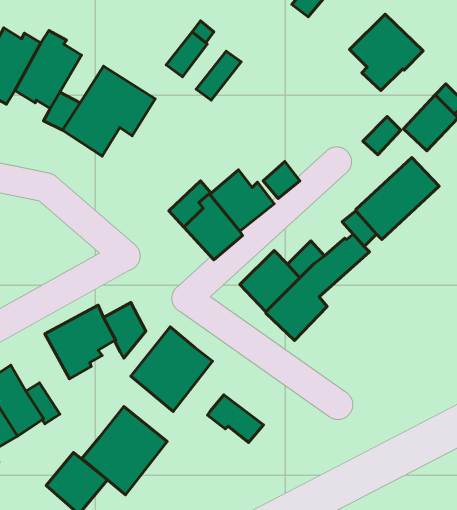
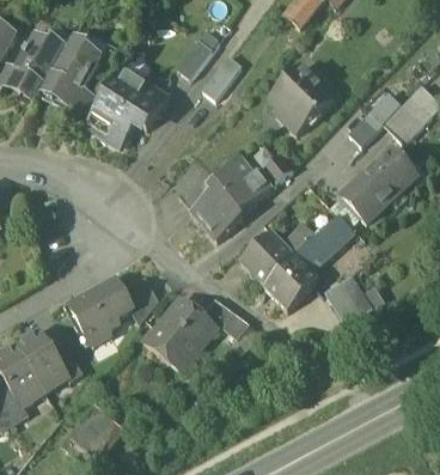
building: [350,14,423,91] -> [269,66,334,133]
building: none -> [324,274,385,323]
building: [208,395,263,443] -> [201,297,250,339]
building: [82,406,167,495] -> none

